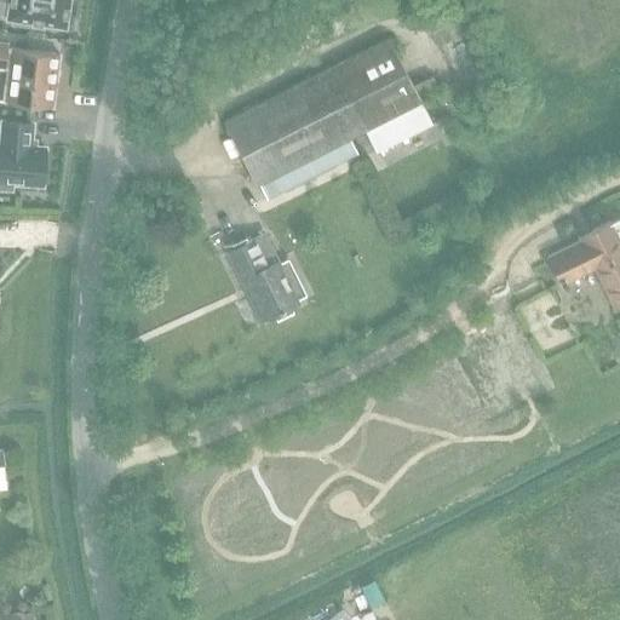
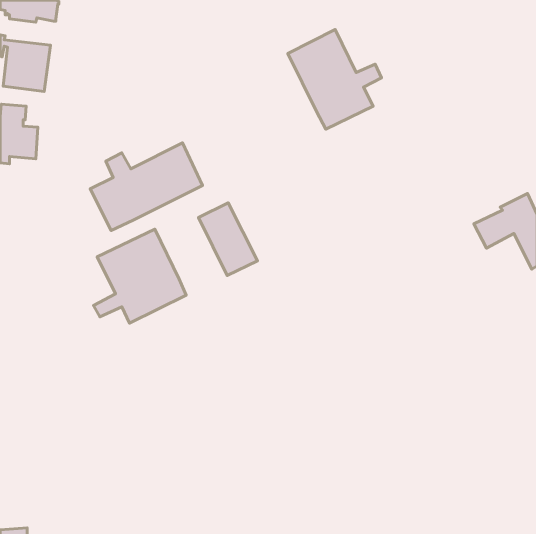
building: [224,65,366,190] -> none
building: none -> [90,143,203,231]
building: none -> [94,229,186,323]

